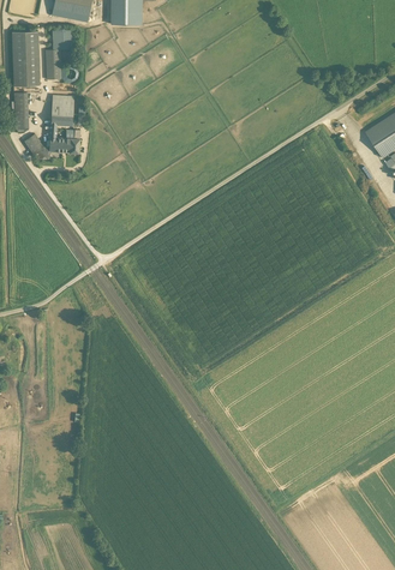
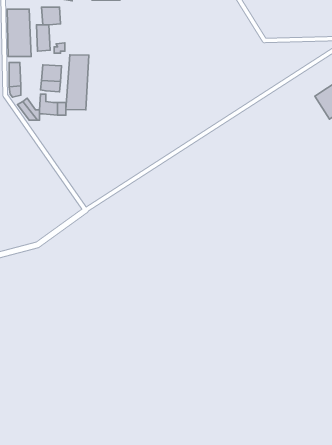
building: none -> [66,55,89,110]

